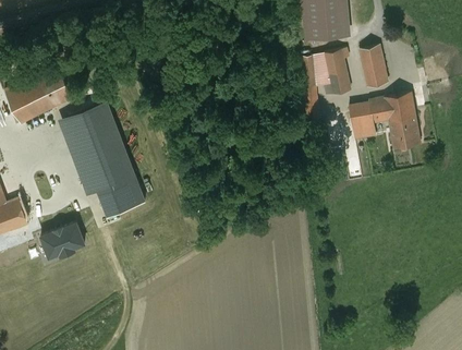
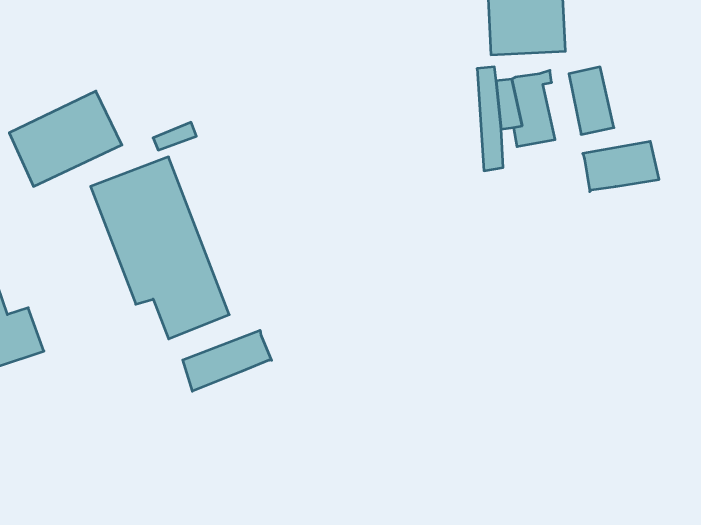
building: [349,104,375,140] -> none
building: [388,117,421,149] -> none
building: none -> [183,330,272,391]
building: [40,224,84,258] -> none

